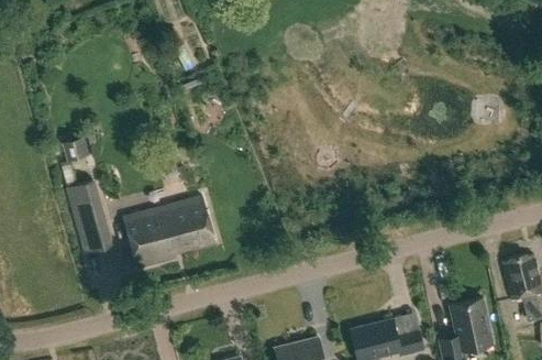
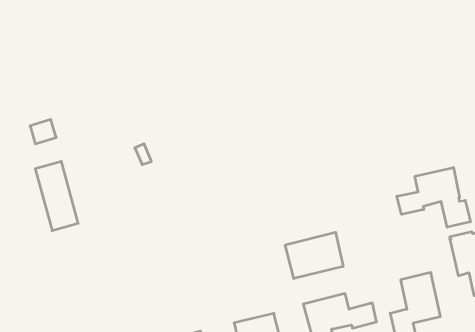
building: none -> [397,167,470,227]
building: [123,195,215,268] -> none
building: none -> [285,232,343,279]

